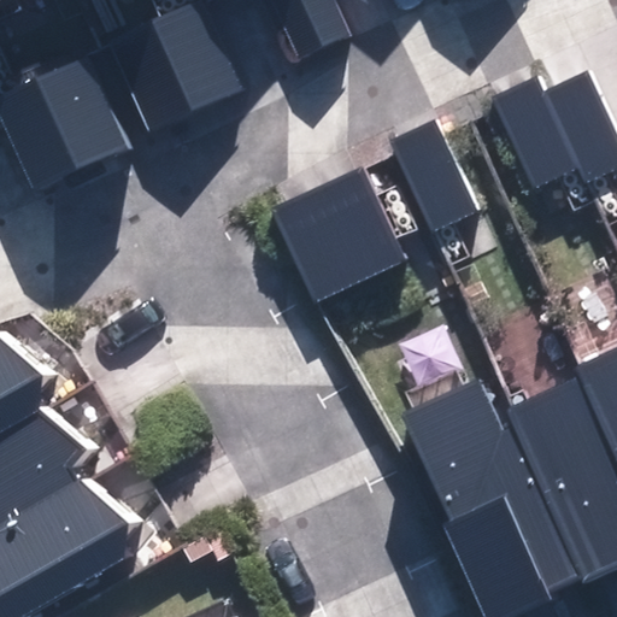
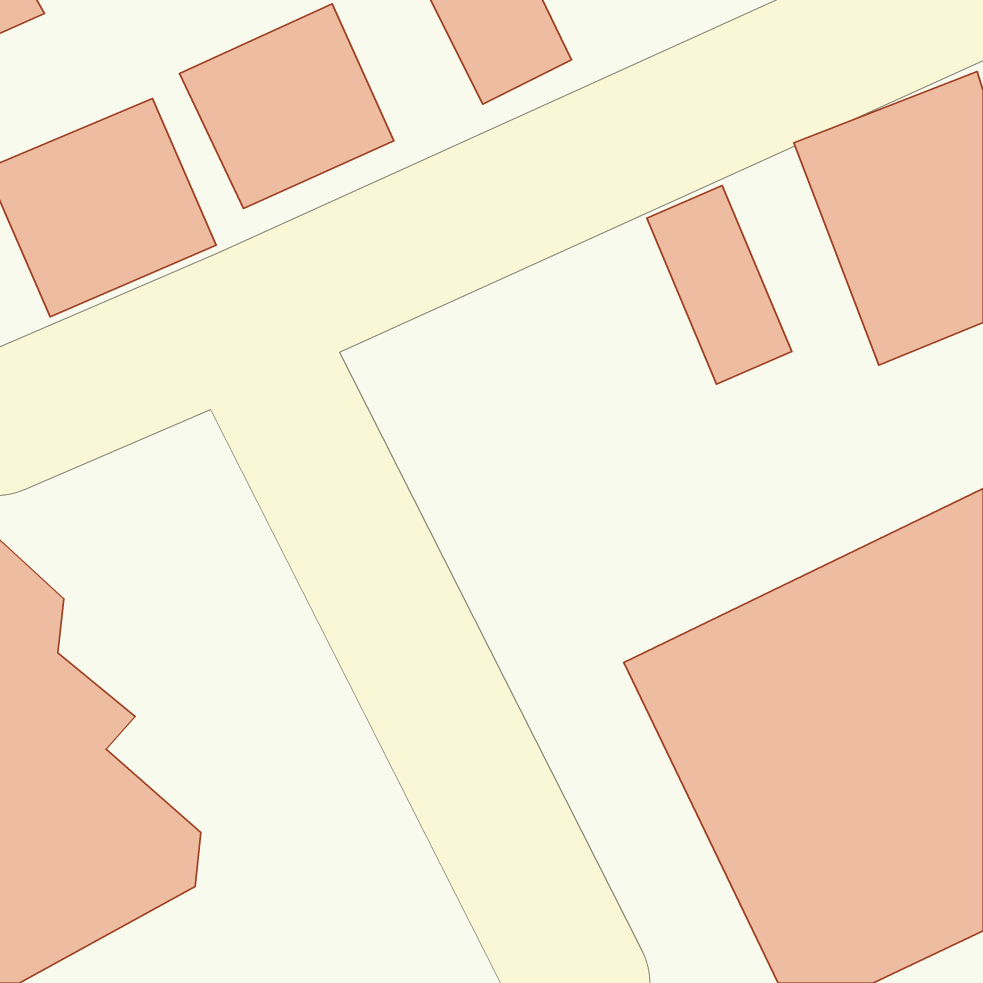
building: [274,161,413,299] -> none

